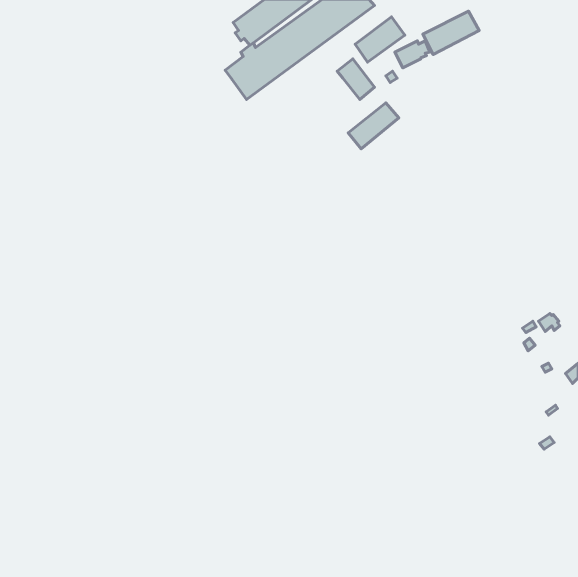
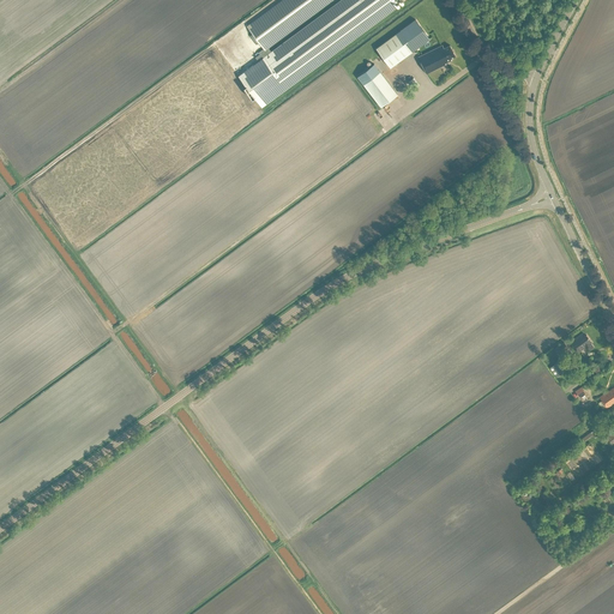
building: [423,11,479,54] -> none
building: [348,103,399,149] -> none

